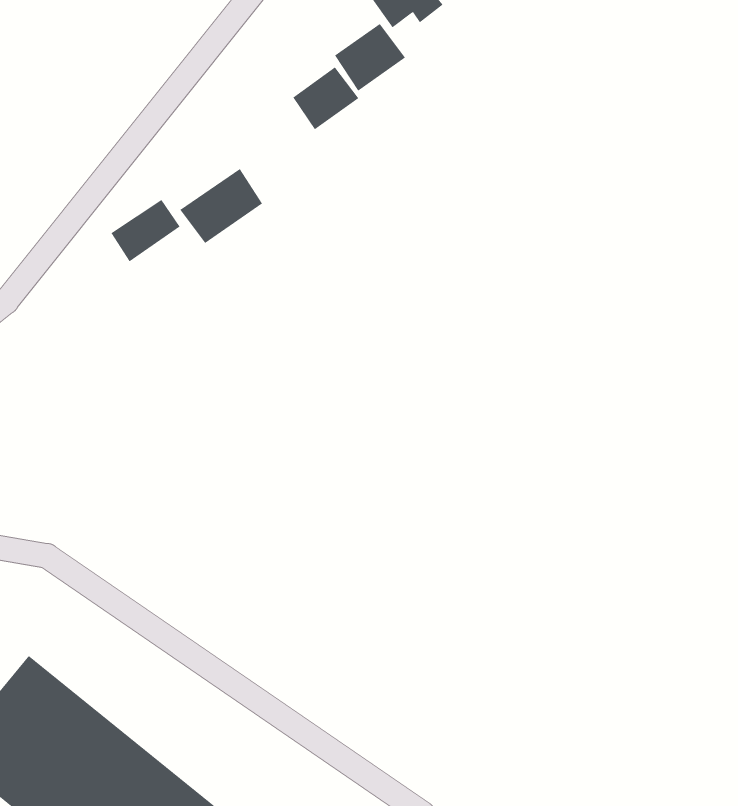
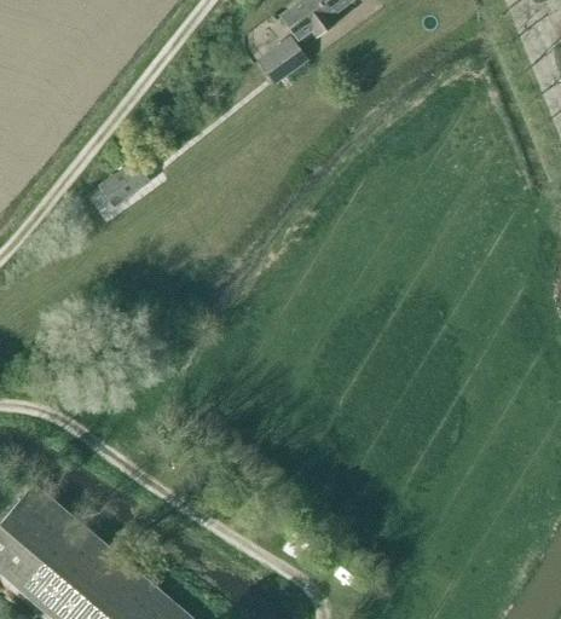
building: [292,67,359,130] -> none
building: [179,168,263,244] -> none

